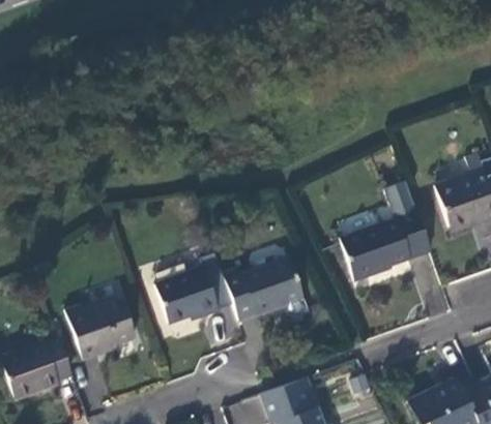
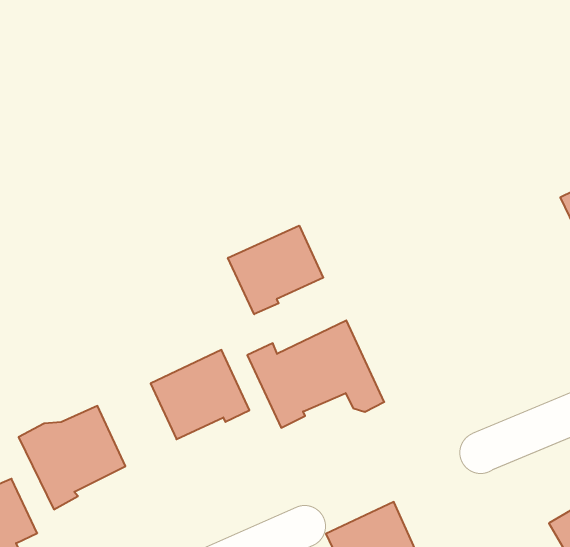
building: [340,177,432,280] -> none
building: none -> [228,226,323,314]

